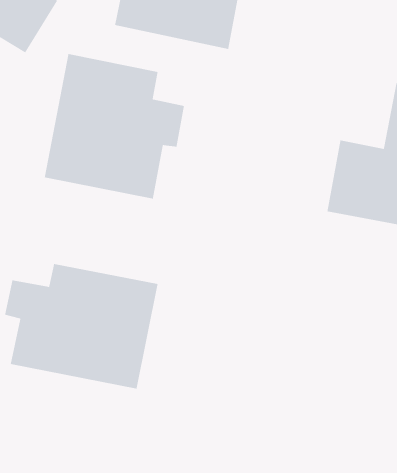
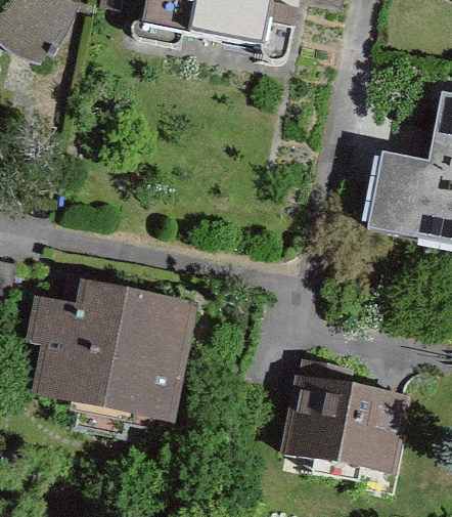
building: [44,53,185,199] -> none
building: none -> [284,388,405,478]

